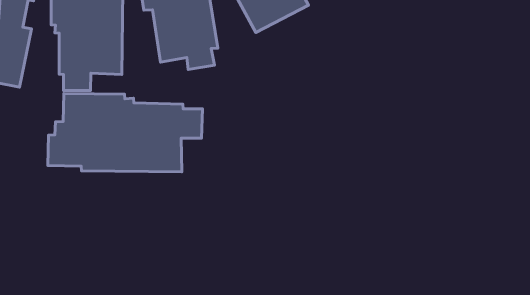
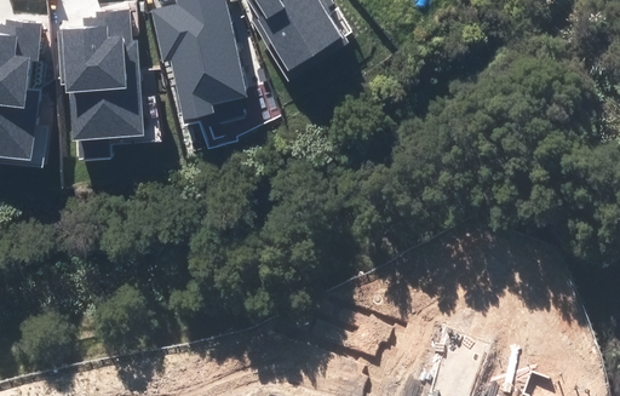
building: [48,93,202,172] -> none

